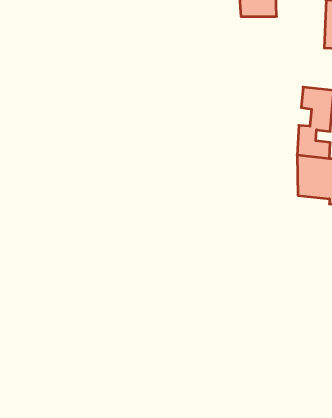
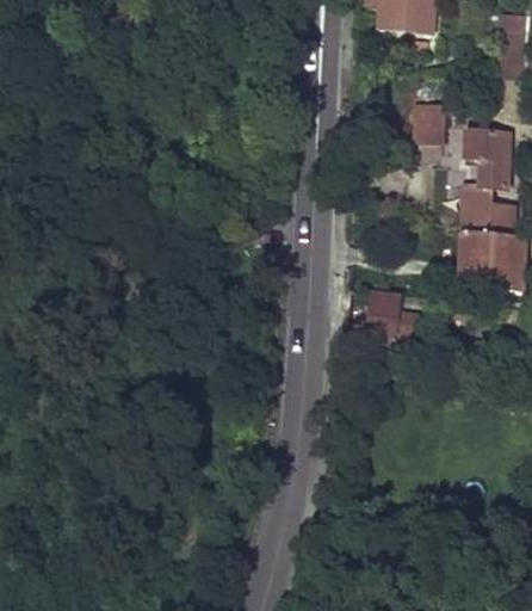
building: none -> [416,103,450,141]
building: none -> [377,292,410,347]

